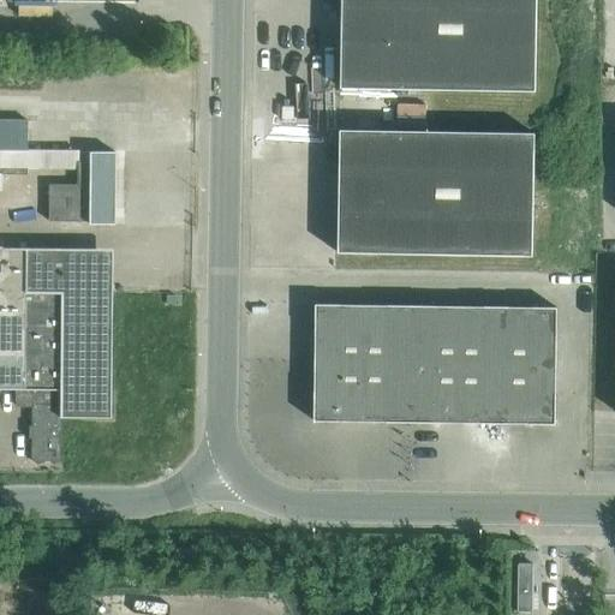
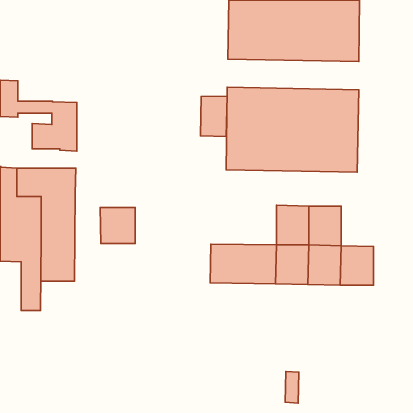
building: none -> [201,96,227,136]
building: [314,304,411,364] -> none
building: [507,306,556,366] -> none
building: none -> [100,208,135,244]
building: [514,561,535,608] -> [285,372,299,403]

